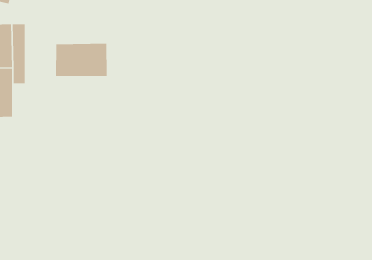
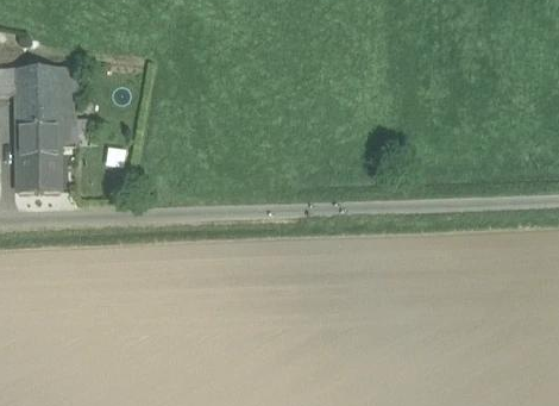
building: [56,43,107,77] -> none

